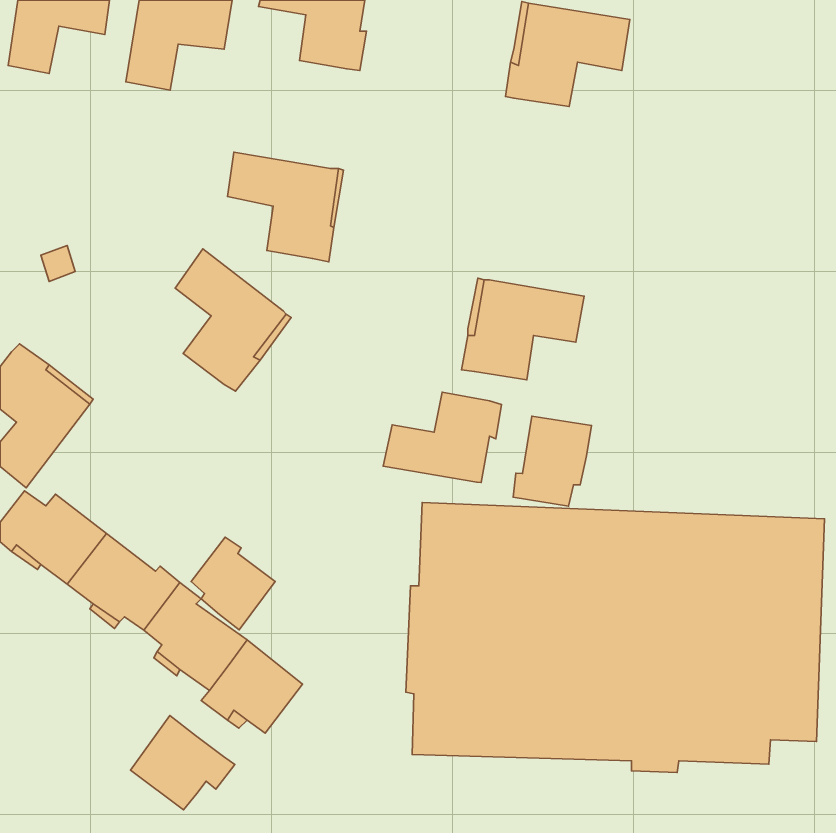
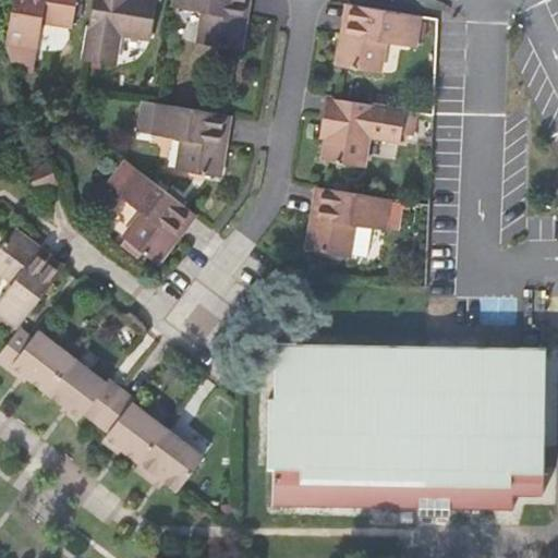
building: none -> [320,97,403,167]
building: [383,392,501,482] -> none
building: [513,416,592,506] -> none
building: [191,537,275,630] -> none
building: [131,715,235,810] -> none

